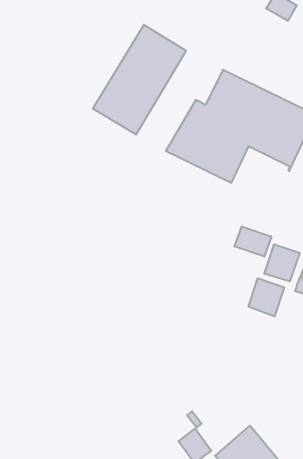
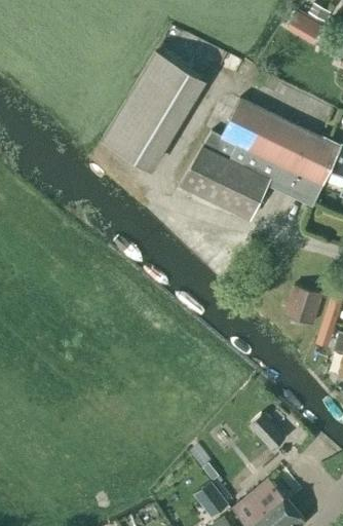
building: [235,226,271,257] -> none
building: [249,278,284,316] -> none
building: none -> [251,413,287,450]

